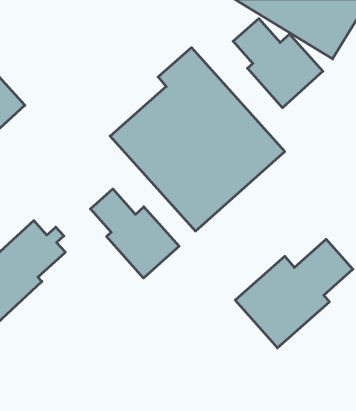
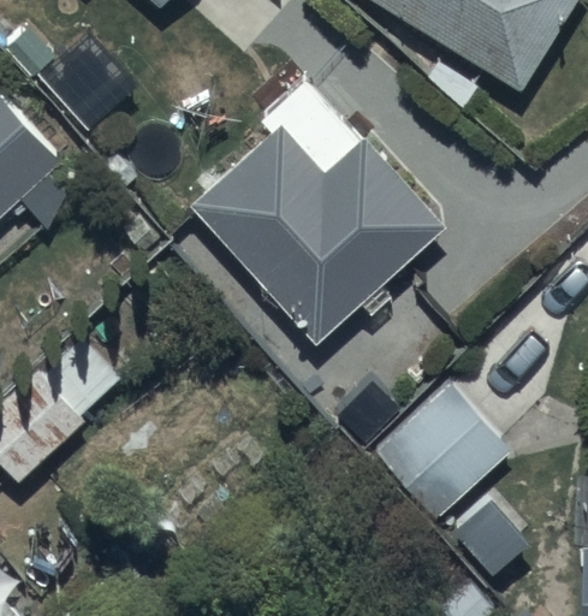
building: [233,19,323,108] -> none
building: [90,189,179,278] -> none

